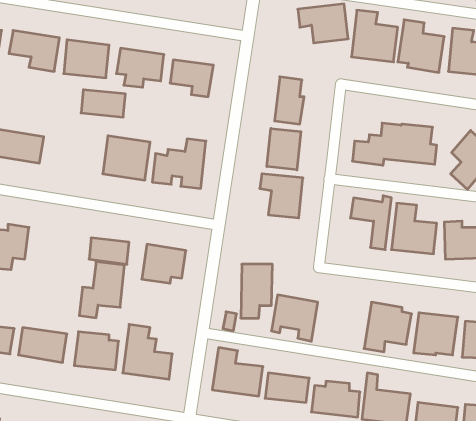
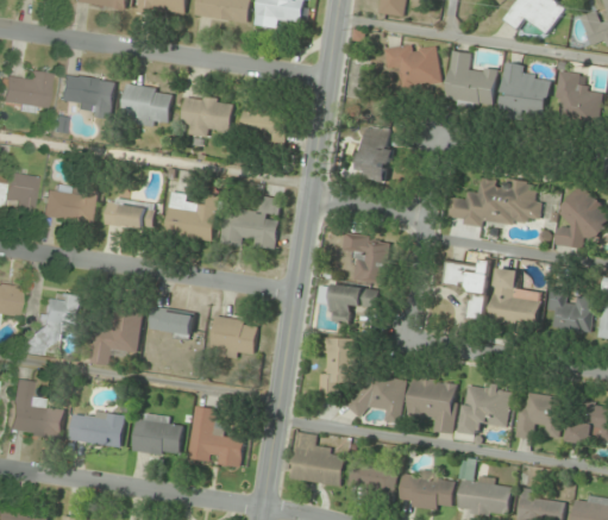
building: [81,90,125,117] -> [105,200,155,231]
building: [267,128,301,170] -> none
building: none -> [328,284,378,324]
building: [79,262,125,318] -> [90,303,142,366]
building: none -> [407,378,459,434]

